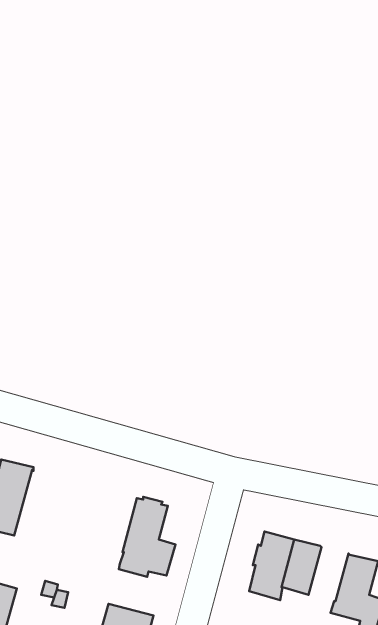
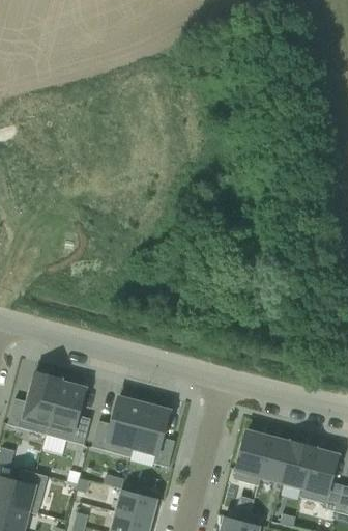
building: none -> [46,380,90,444]
building: none -> [92,396,144,456]
building: none -> [282,441,315,486]

